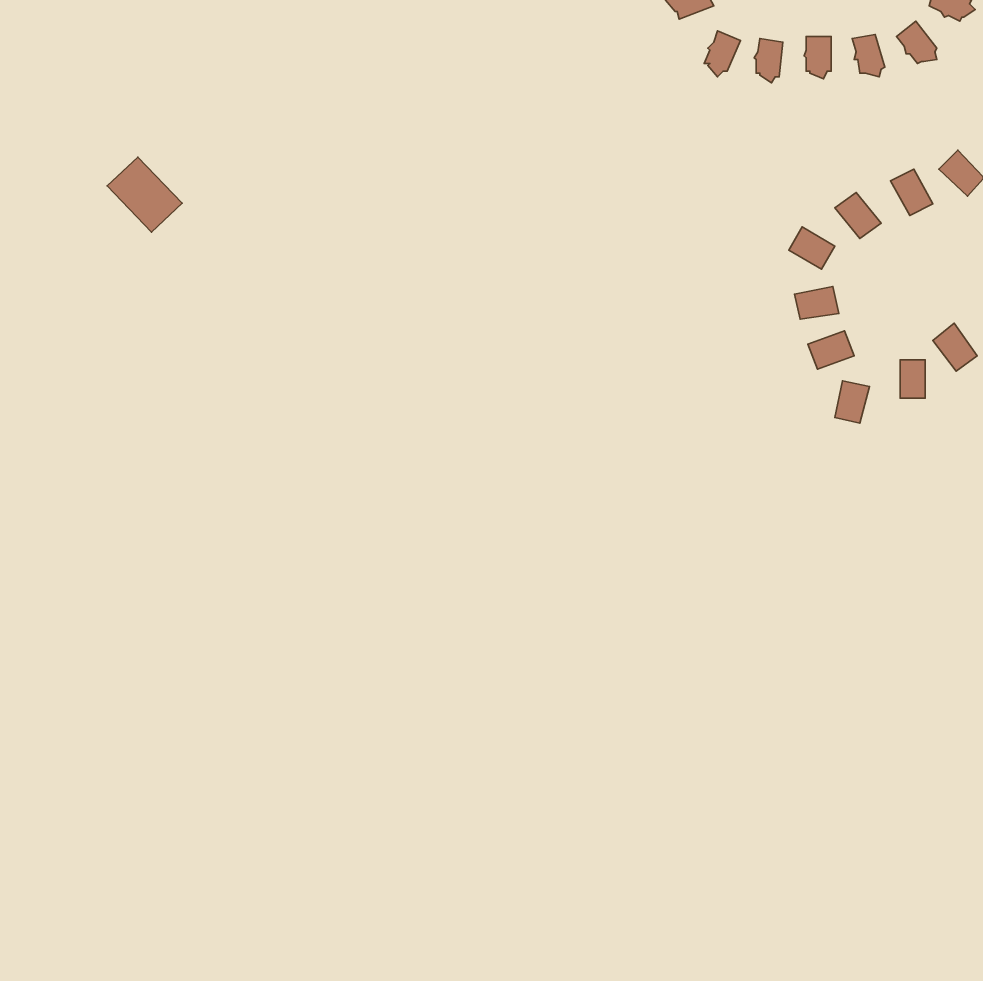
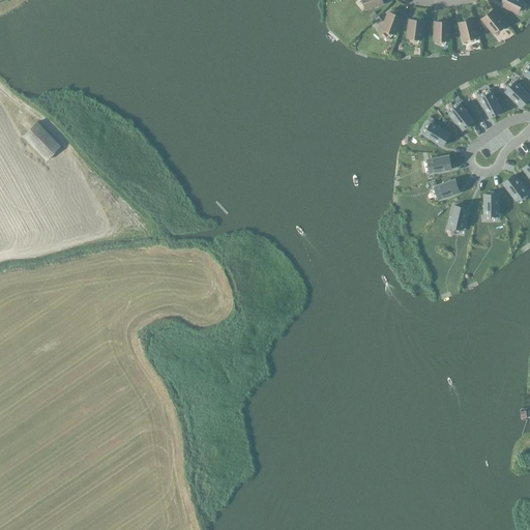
building: [107,157,182,232] -> [21,120,61,160]

